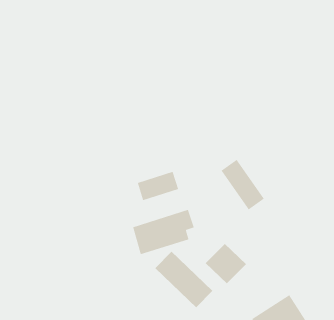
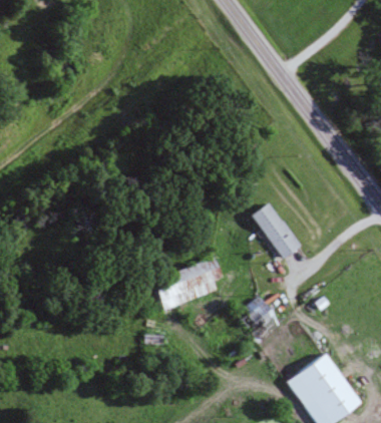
building: [137,171,179,201] -> none
building: [154,251,213,308] -> none

